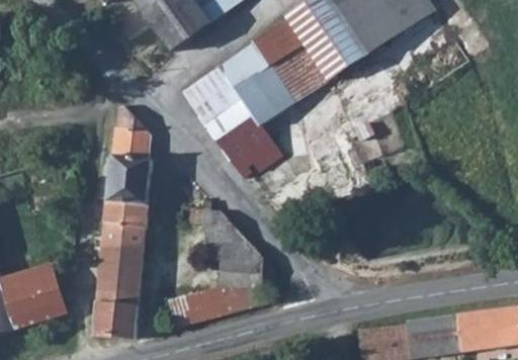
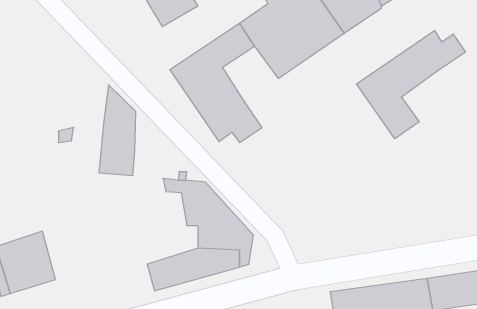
building: none -> [357,31,466,139]
building: [240,66,299,124] -> none
building: [94,201,144,337] -> none

